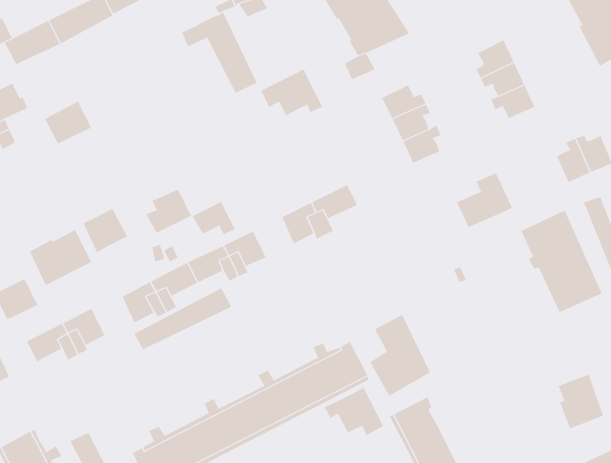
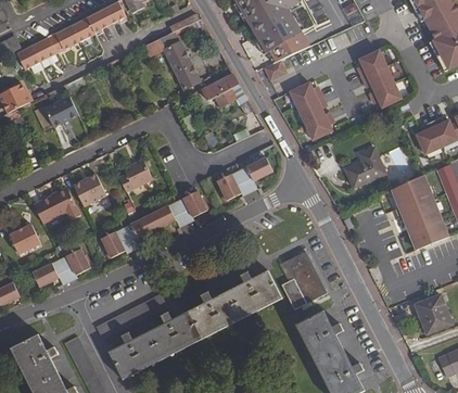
building: [192,201,235,235] -> none
building: [134,288,232,350] -> [96,293,167,339]
building: [324,387,384,437] -> none

